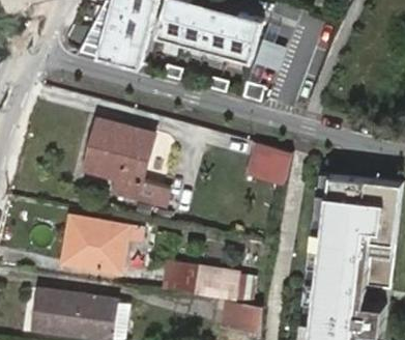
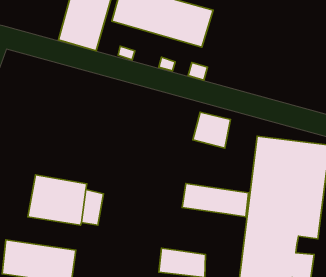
building: [85,119,171,209] -> none
building: [164,263,238,301] -> [182,184,248,217]

